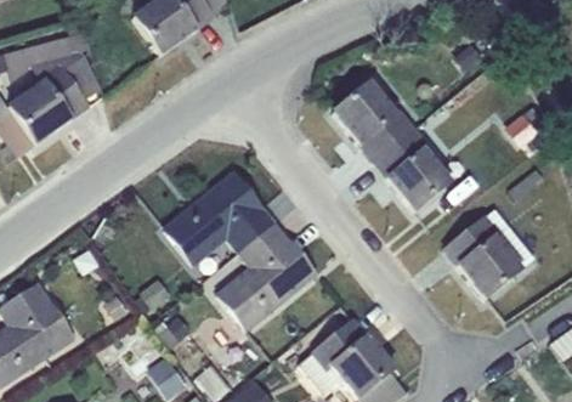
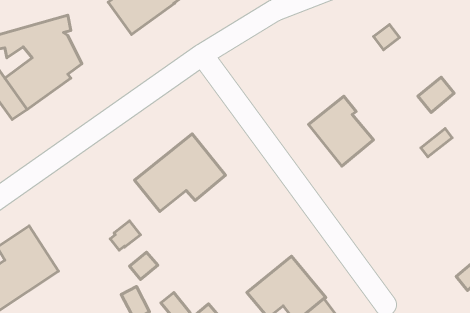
building: [333,83,415,162] -> none
building: [444,208,534,298] -> none
building: [214,222,315,330] -> none

